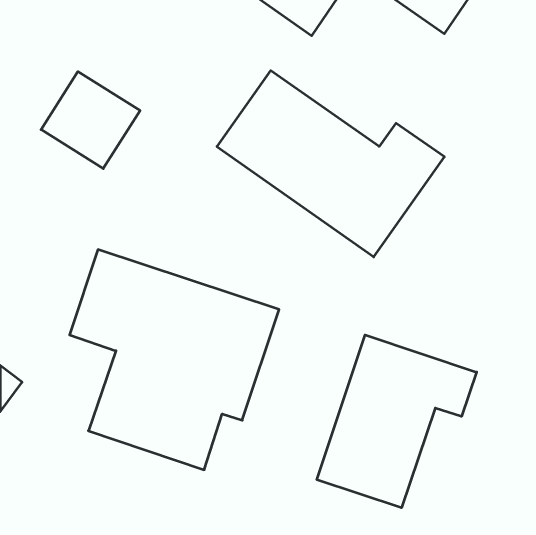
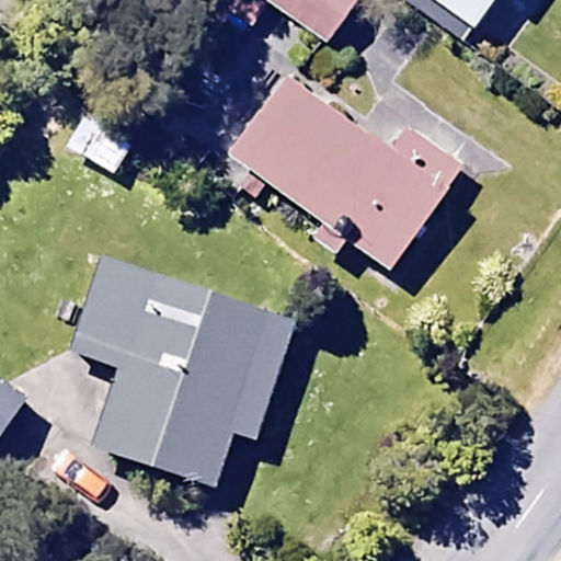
building: [317,335,477,508] -> none

